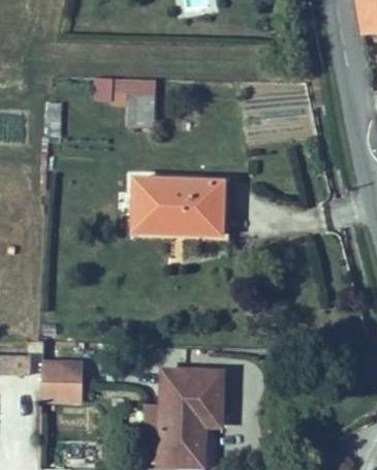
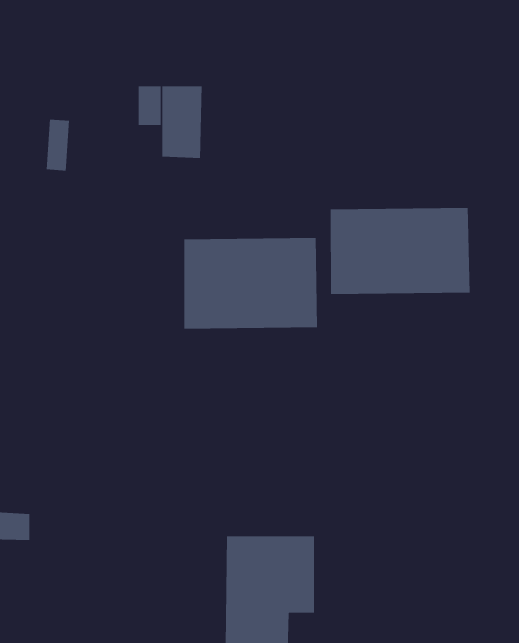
building: none -> [330,207,470,295]
building: [45,365,85,403] -> none

